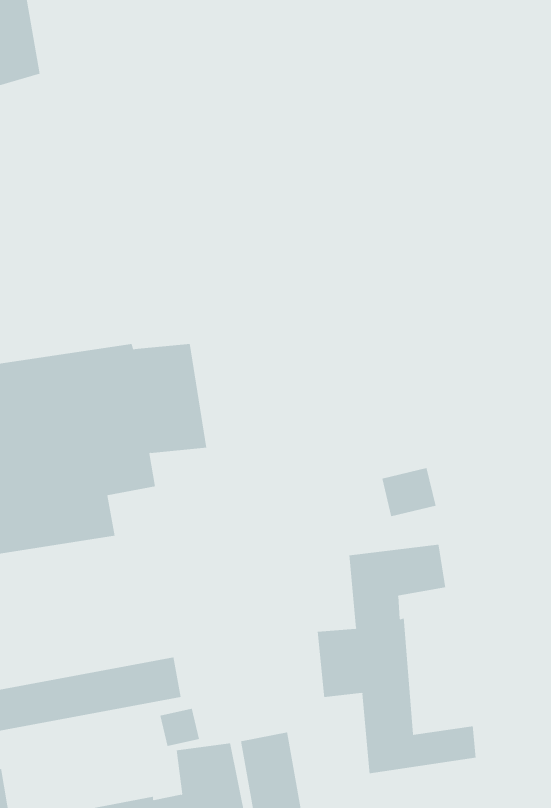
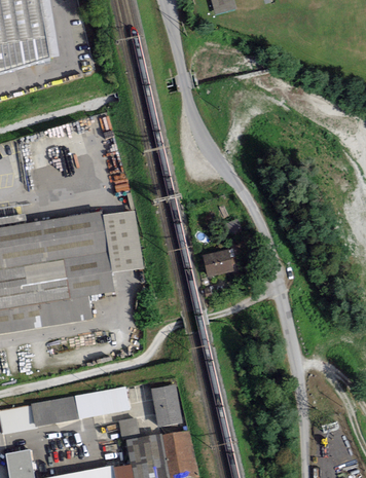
building: [381,467,436,517] -> [203,249,233,277]
building: [317,544,476,774] -> none
building: none -> [151,384,182,427]

